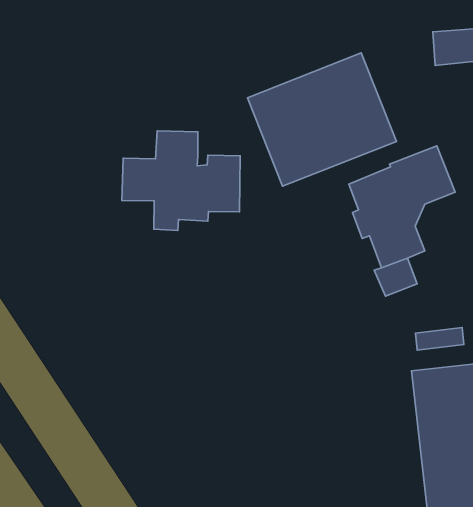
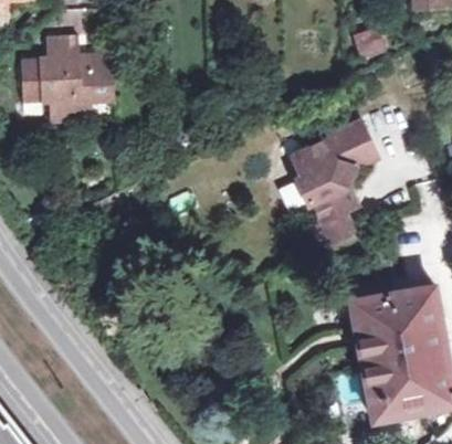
building: [247,53,396,186] -> none
building: [122,131,240,231] -> [20,39,114,117]

